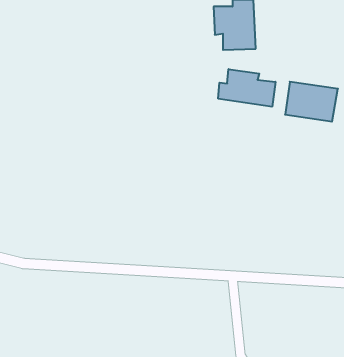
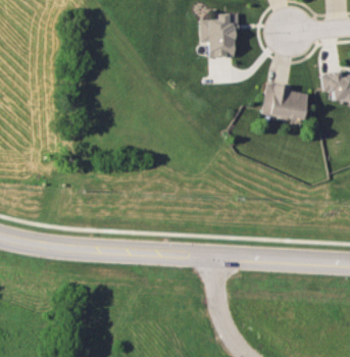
building: [218,69,275,107] -> none

